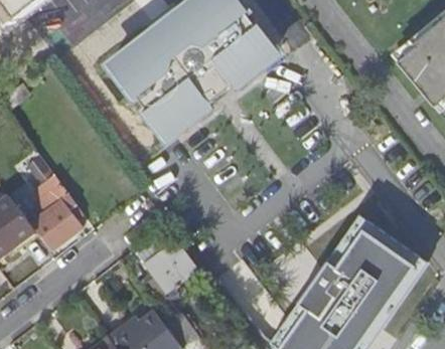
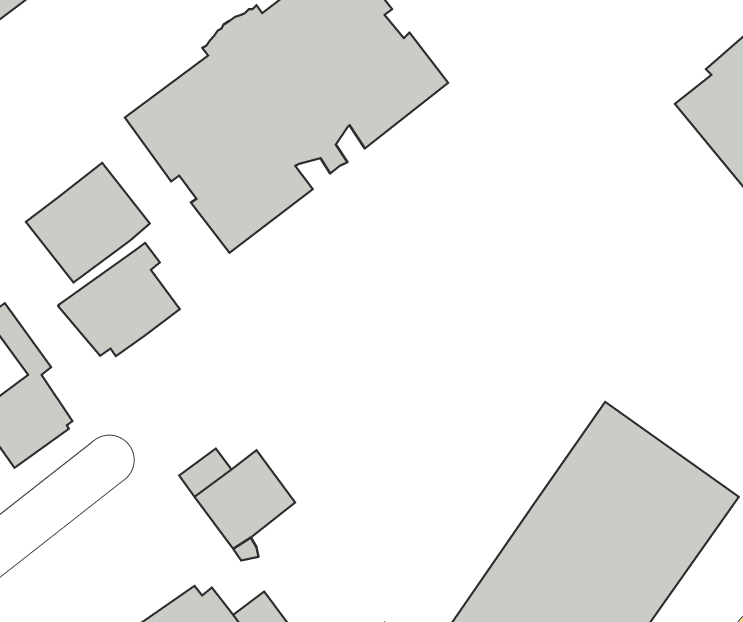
building: none -> [26,163,150,283]
building: none -> [58,243,180,356]

